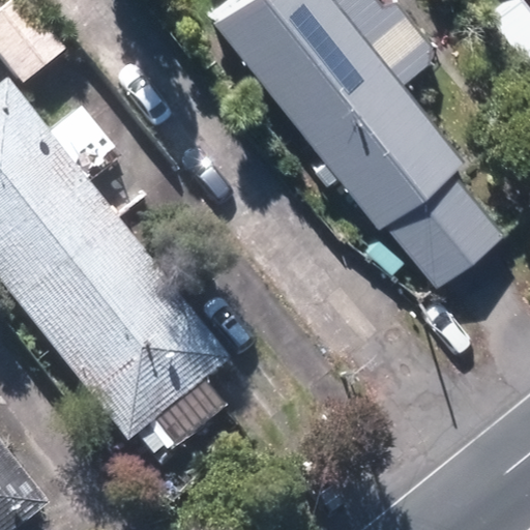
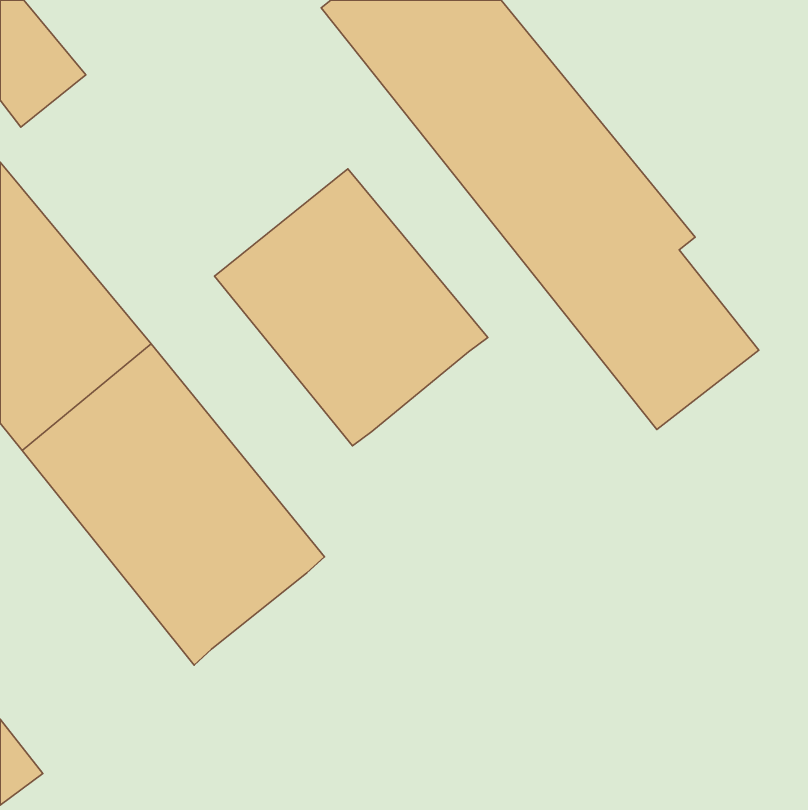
building: none -> [214,169,488,446]

